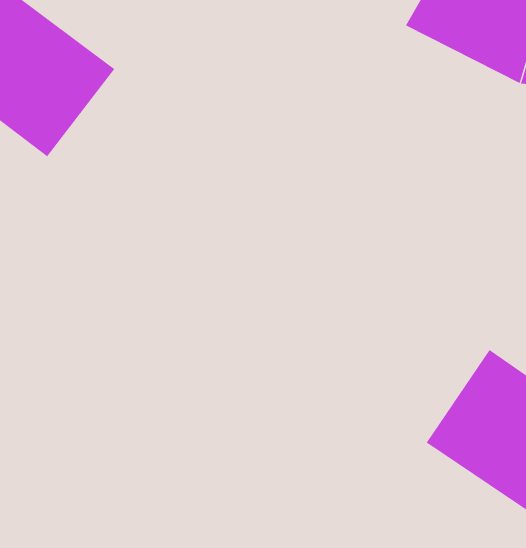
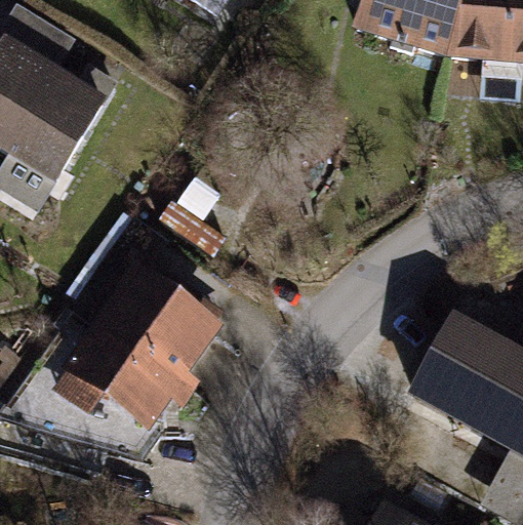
building: none -> [67,262,223,423]

